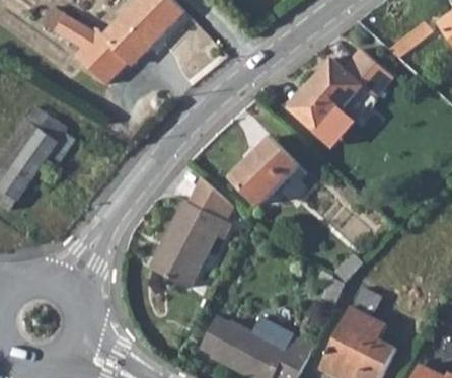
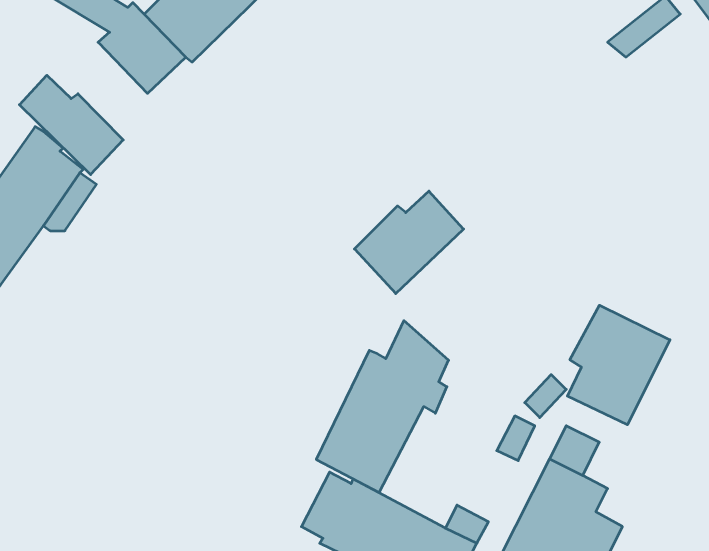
building: [292,50,393,147] -> none
building: none -> [19,75,123,175]
building: [150,182,231,288] -> [316,321,449,493]
building: none -> [567,305,670,425]

